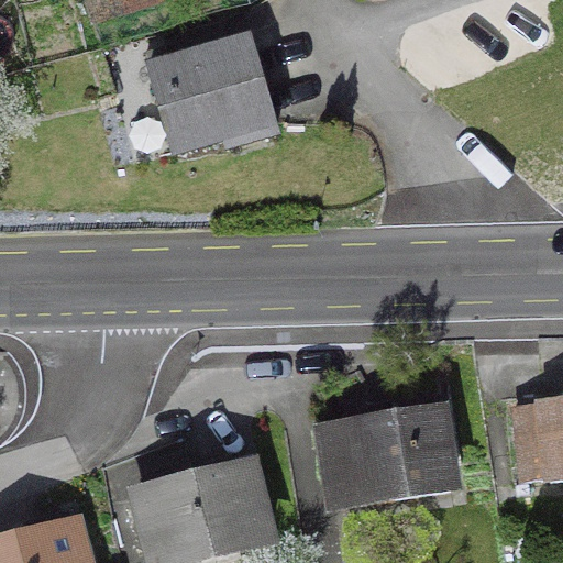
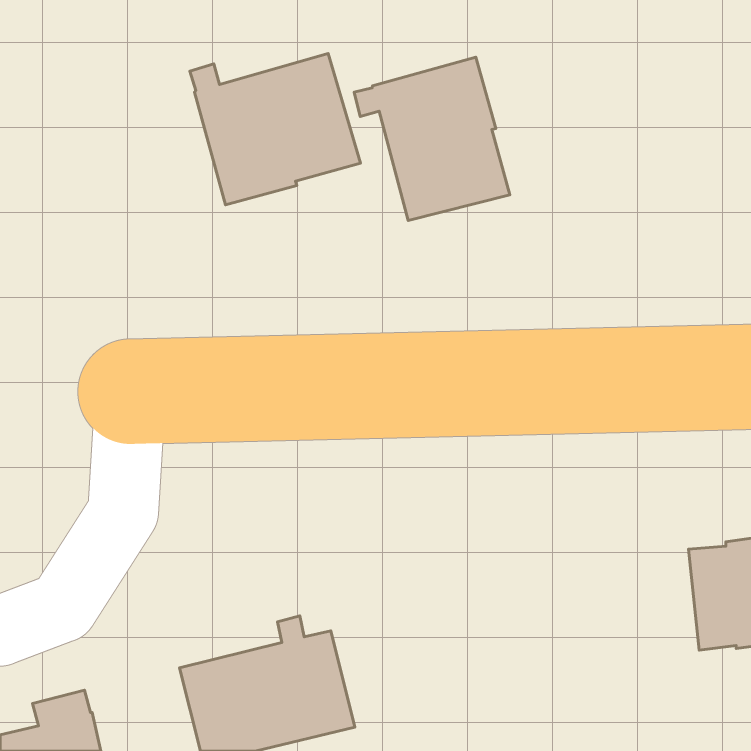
building: none -> [354,57,510,221]
building: [321,408,451,508] -> none

